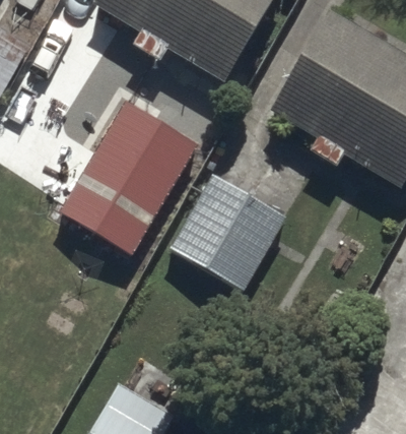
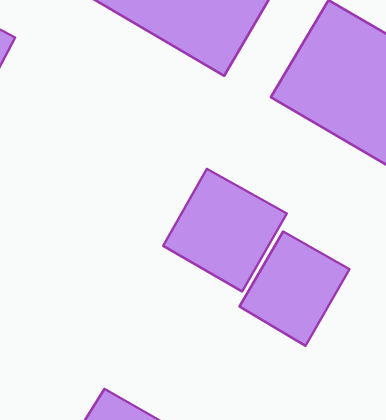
building: [58,101,200,257] -> none
building: none -> [240,231,350,346]

